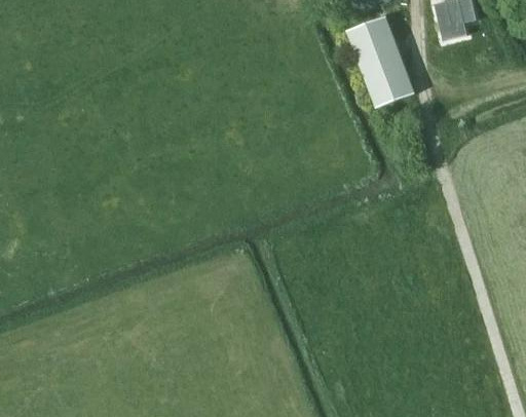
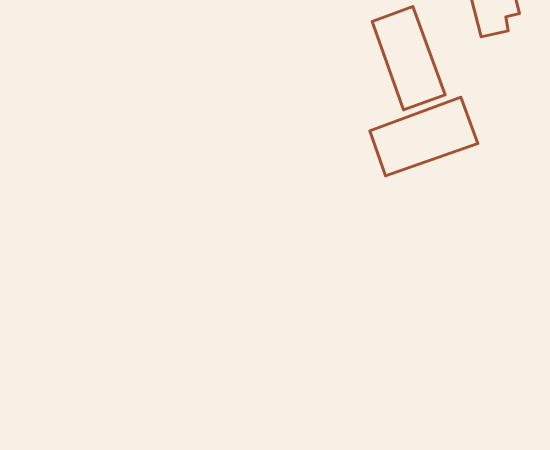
building: none -> [370,97,478,176]

